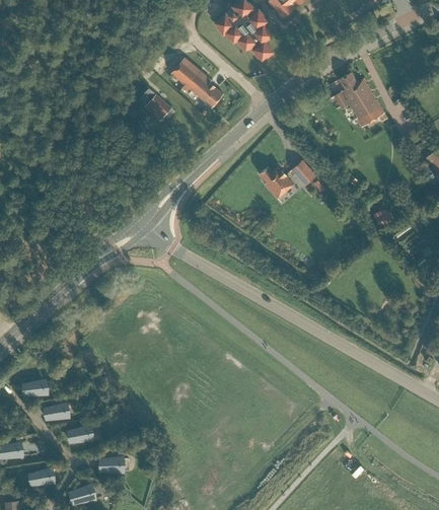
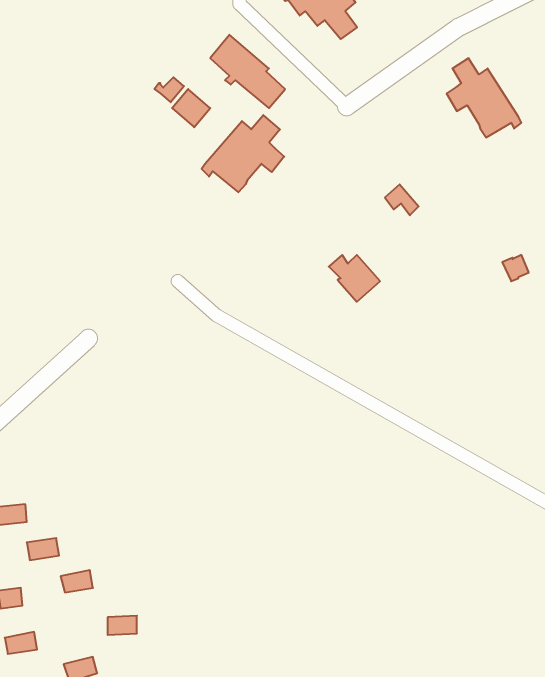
building: none -> [202,115,284,192]
building: [259,166,294,199] -> [329,255,380,302]

